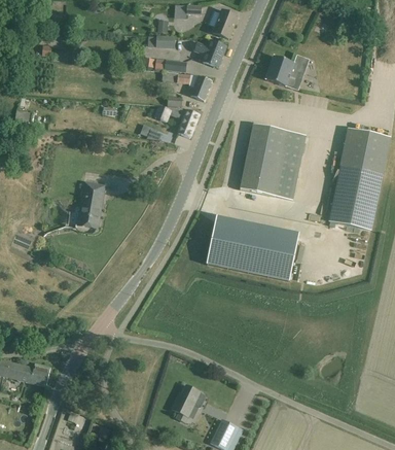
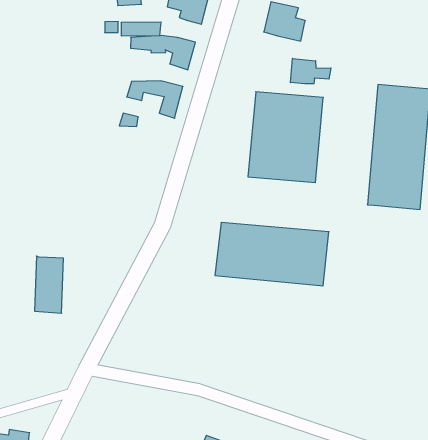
building: none -> [290,58,331,84]
building: [77,181,104,228] -> [35,256,63,313]

